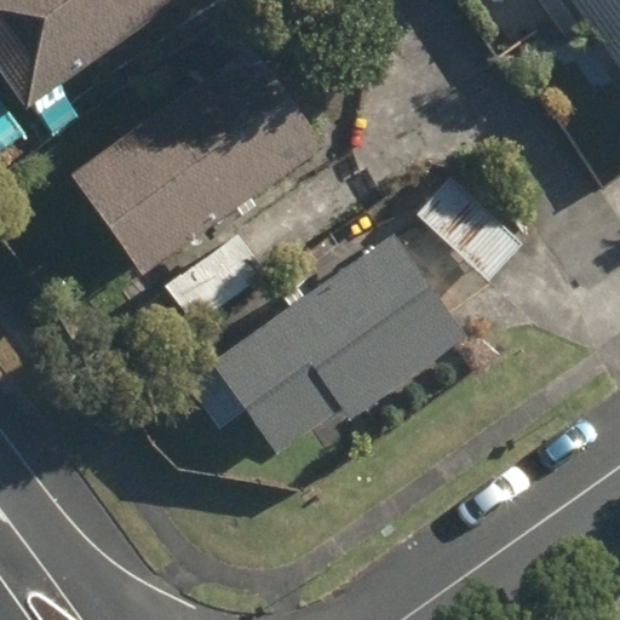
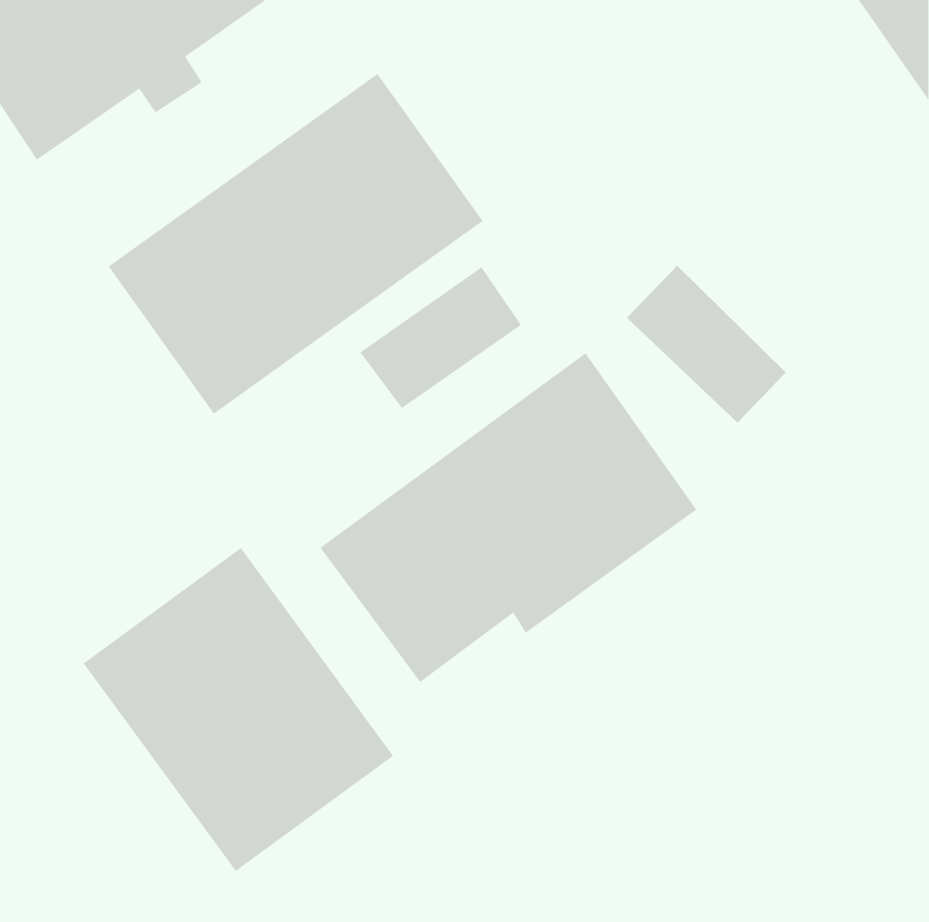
building: none -> [83,547,394,872]

